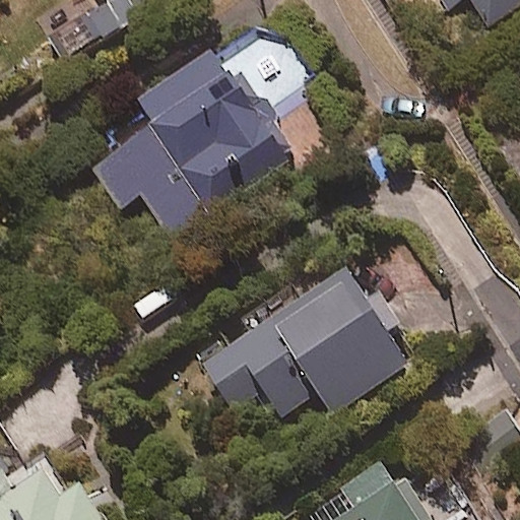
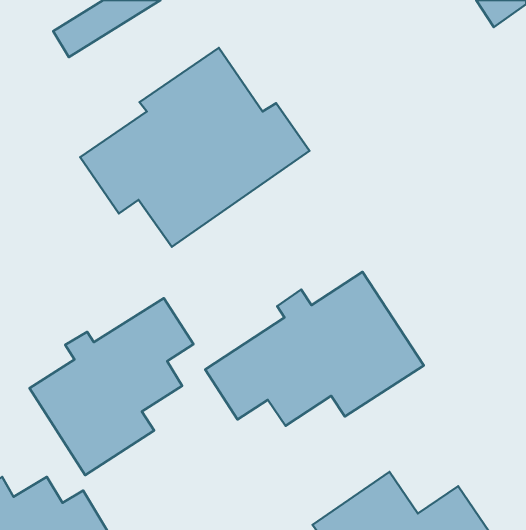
building: none -> [30,298,194,475]

